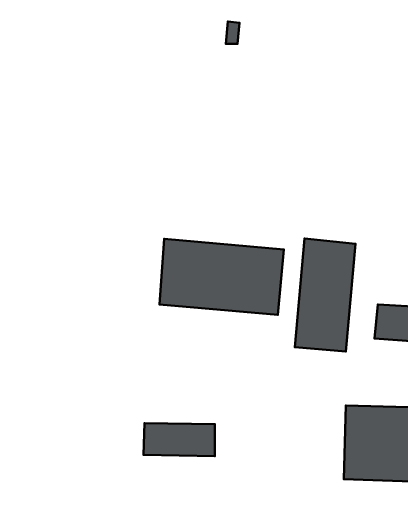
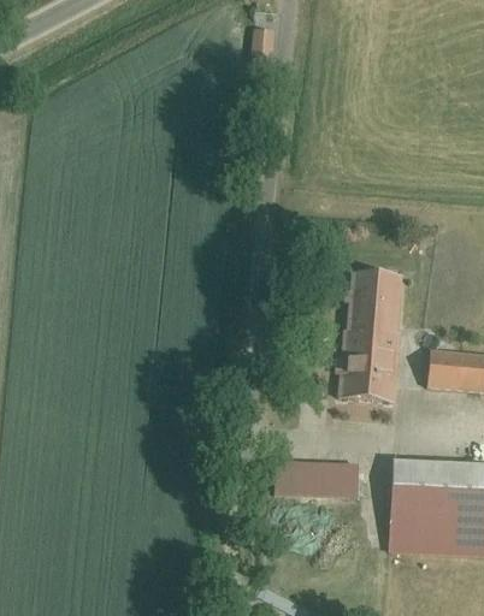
building: [159,239,284,315] -> none
building: [144,423,215,456] -> [278,458,359,496]

